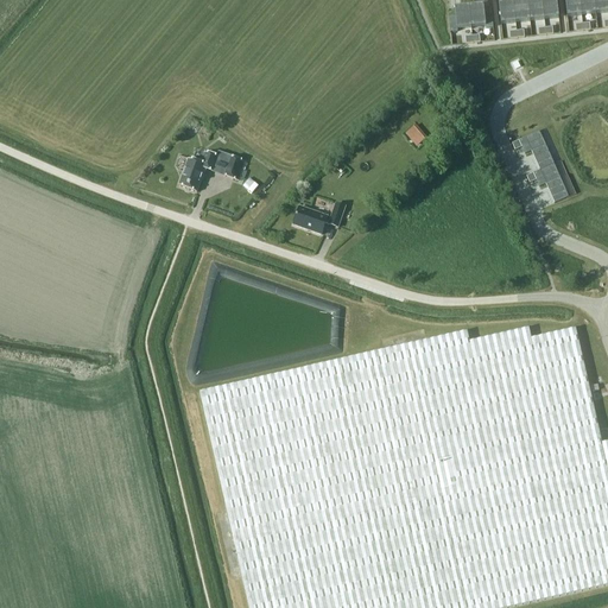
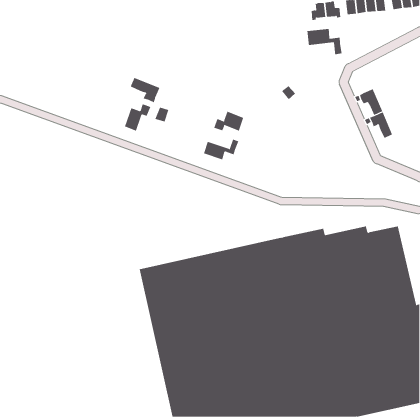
building: none -> [307,28,342,55]
building: none -> [130,77,160,103]
building: none -> [214,111,244,131]

